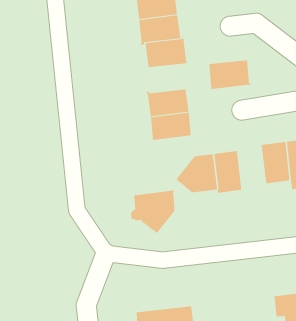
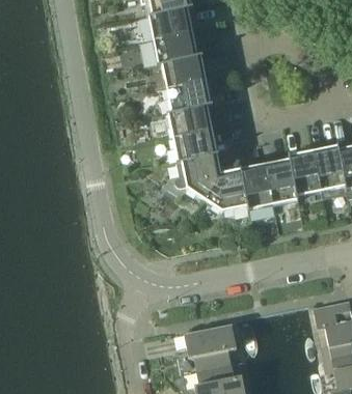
building: [209,60,252,89] -> [168,80,214,113]
building: none -> [266,159,299,203]
building: [130,190,175,234] -> [177,152,222,198]

